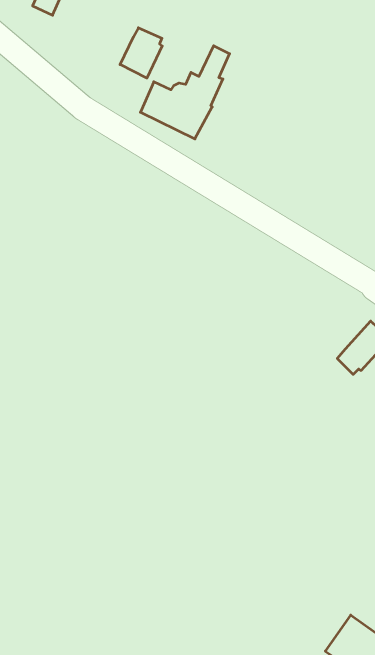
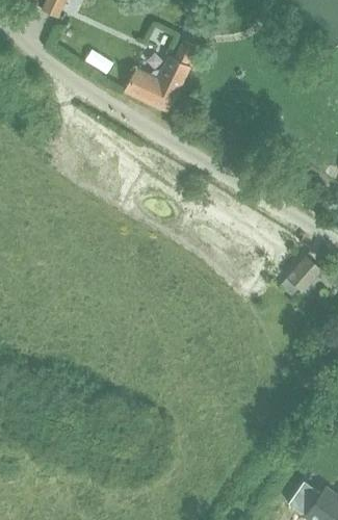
building: [120,28,162,78] -> none

